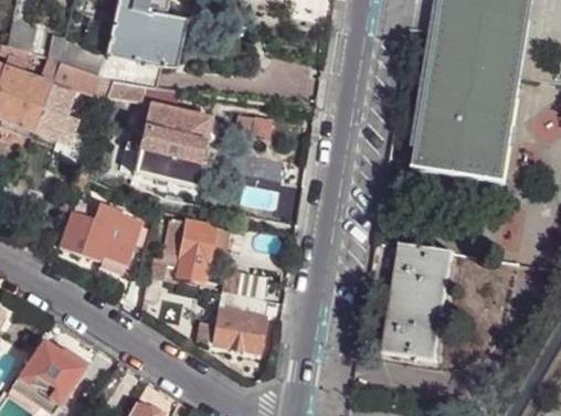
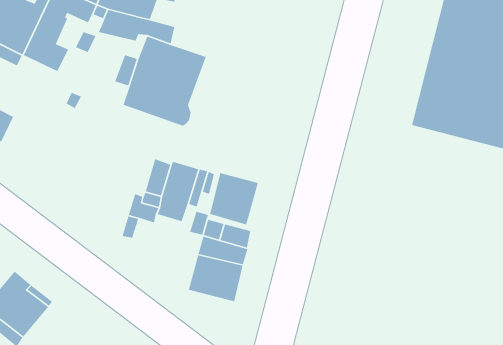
building: [59,202,141,264] -> none
building: none -> [209,172,259,225]
building: [383,242,454,359] -> none

